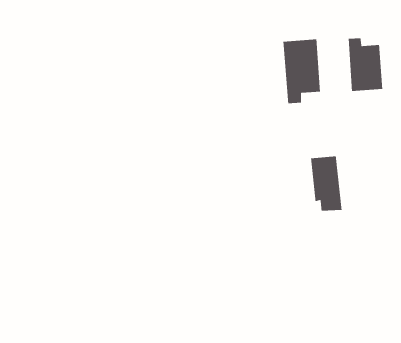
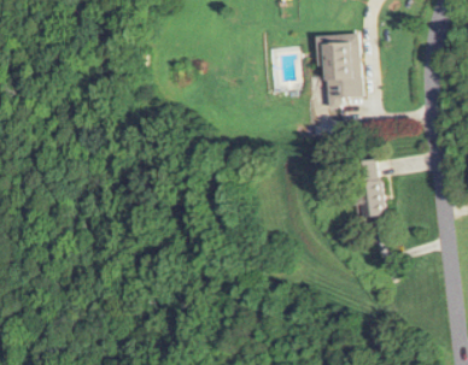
building: [348,37,383,92] -> none

